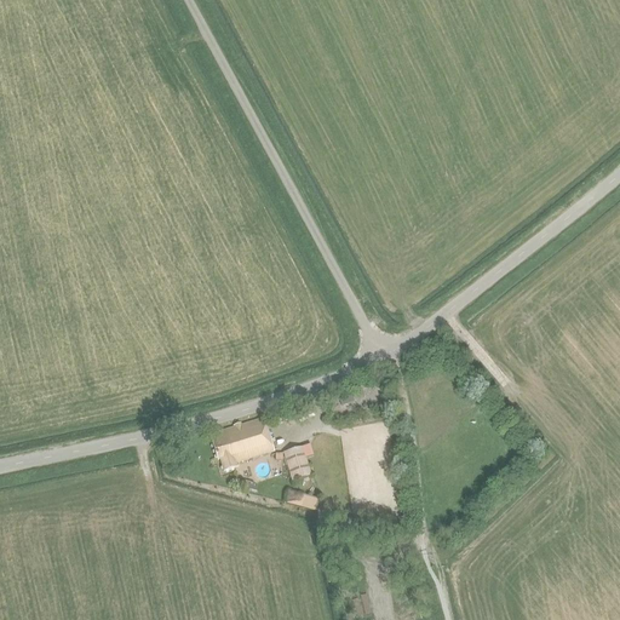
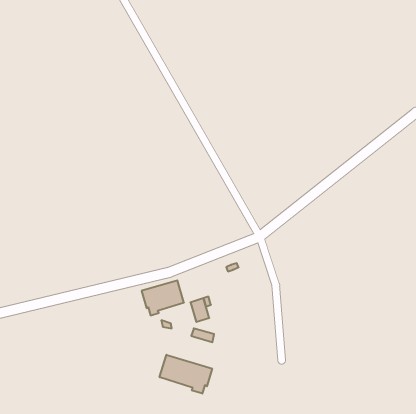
building: none -> [160,355,212,394]

